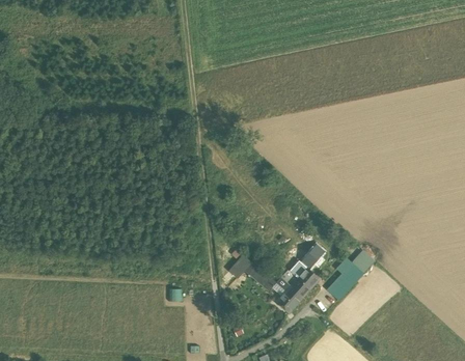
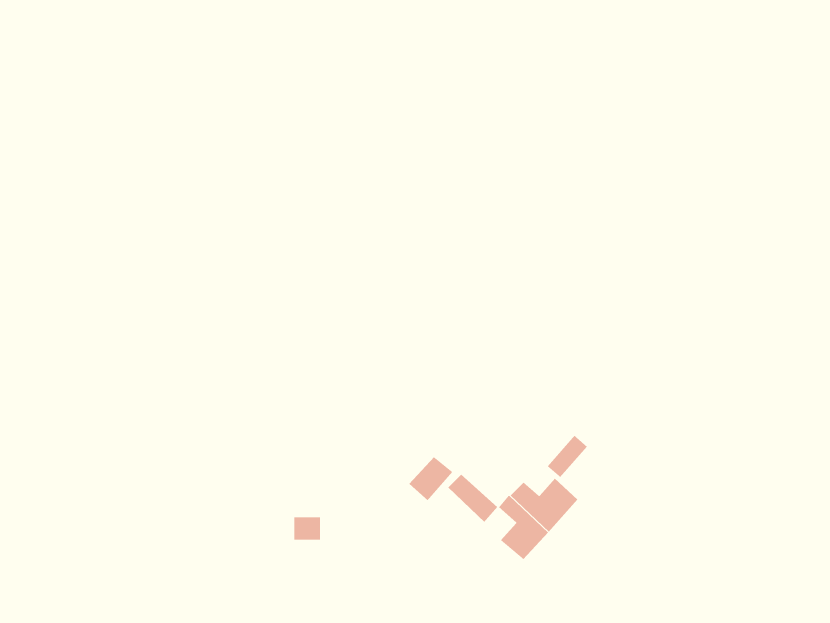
building: [327,251,373,299] -> none

